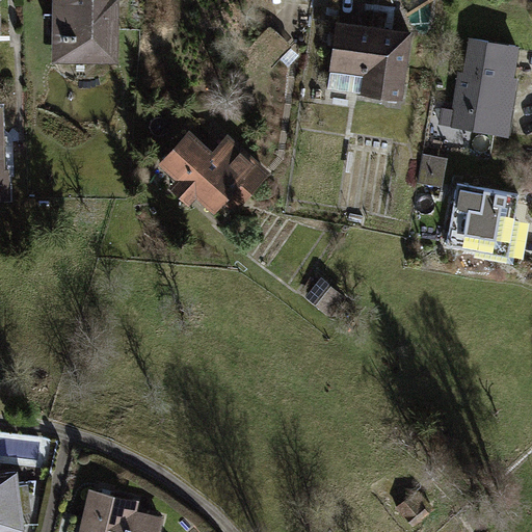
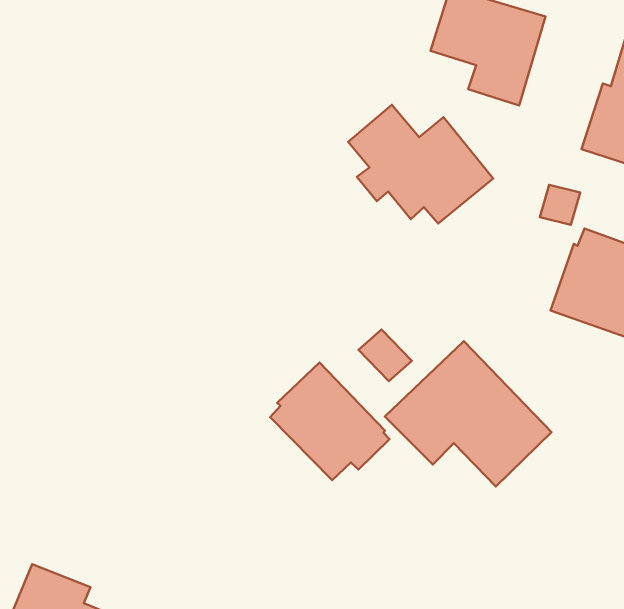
building: [162,130,273,212] -> [348,105,493,223]
building: none -> [385,341,552,487]
building: none -> [270,363,390,480]

